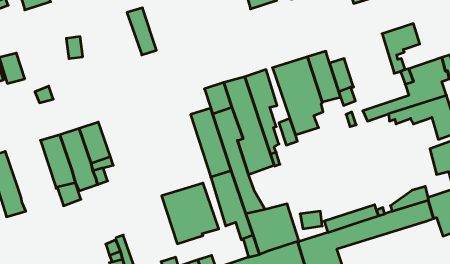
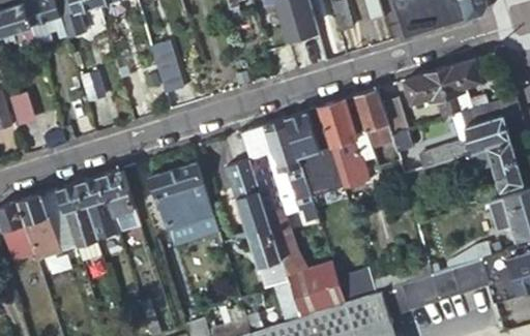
building: none -> [403,71,451,119]
building: none -> [14,196,57,262]
building: [162,183,219,244] -> [148,165,212,234]

